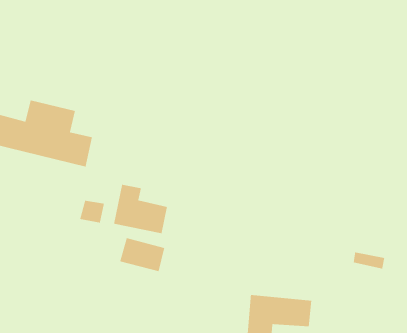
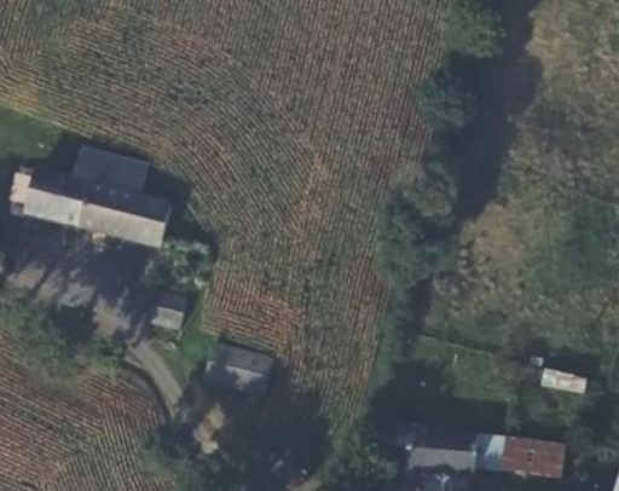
building: [113,184,168,234] -> none
building: none -> [501,437,562,475]

